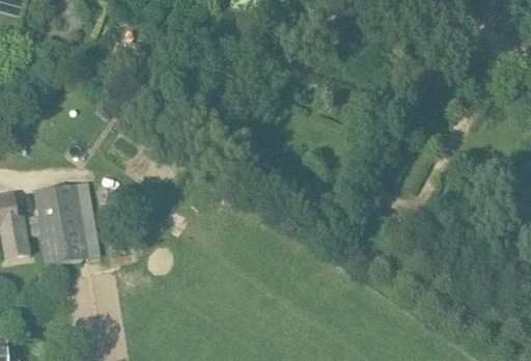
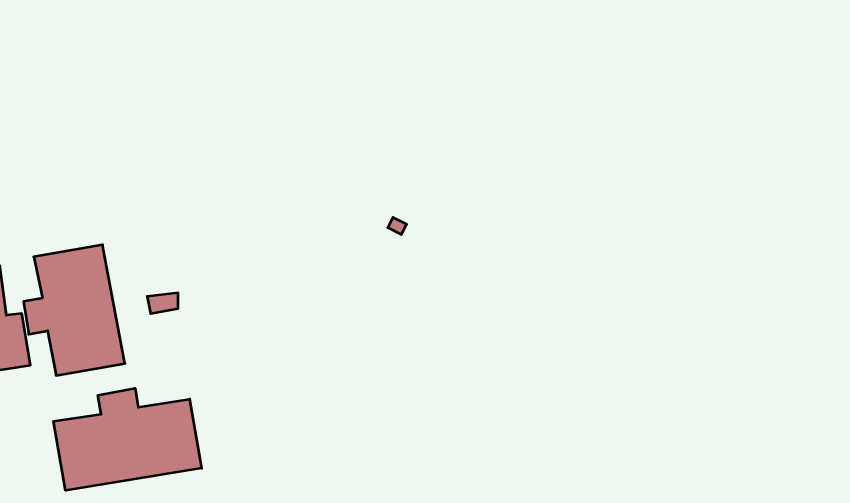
building: none -> [54,388,202,490]

